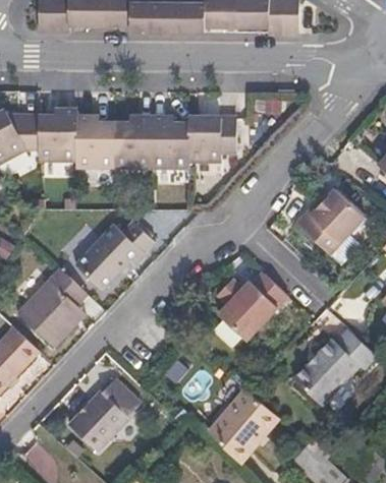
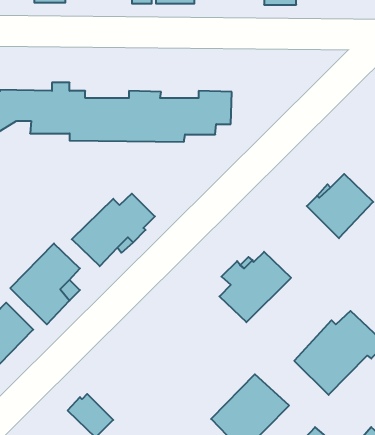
building: [91,384,142,438] -> none

